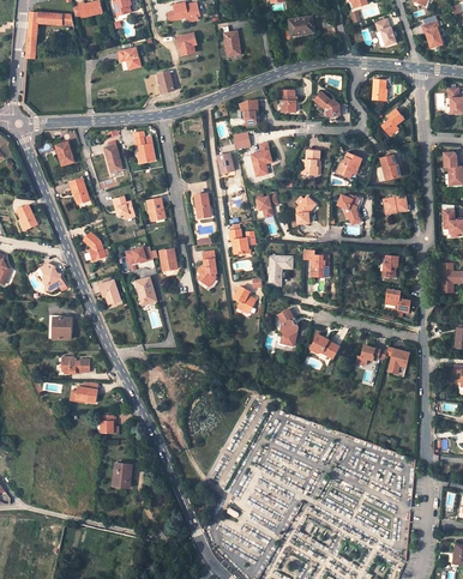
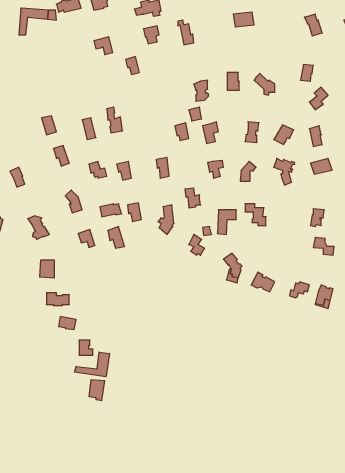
building: none -> [75,352,109,377]

